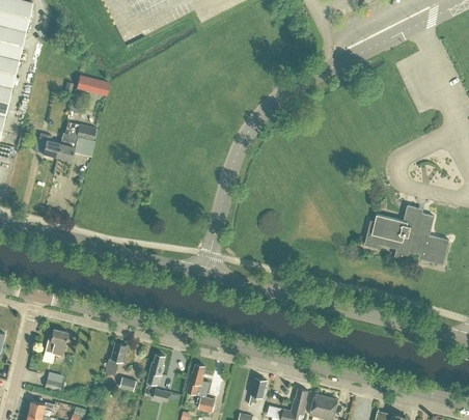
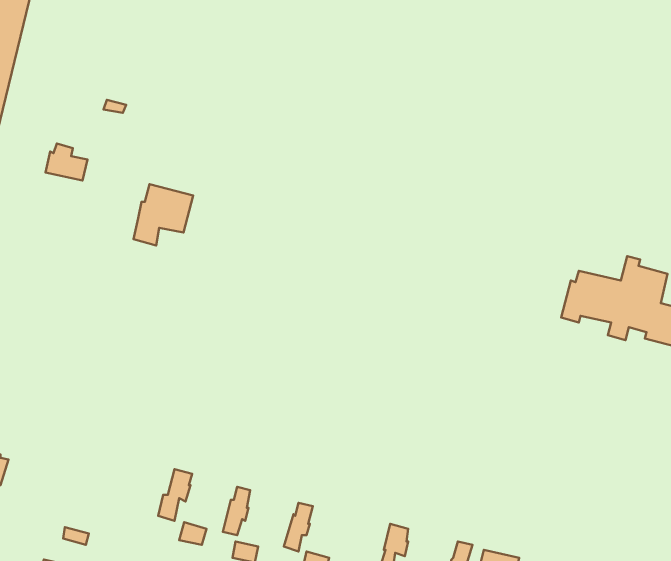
building: [80,77,114,94] -> none
building: [57,121,95,161] -> [133,184,193,245]
building: [45,329,67,356] -> none

